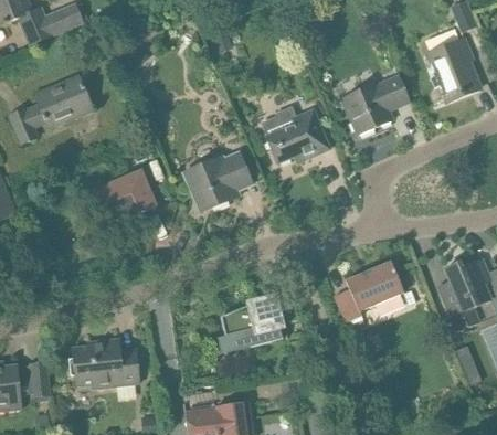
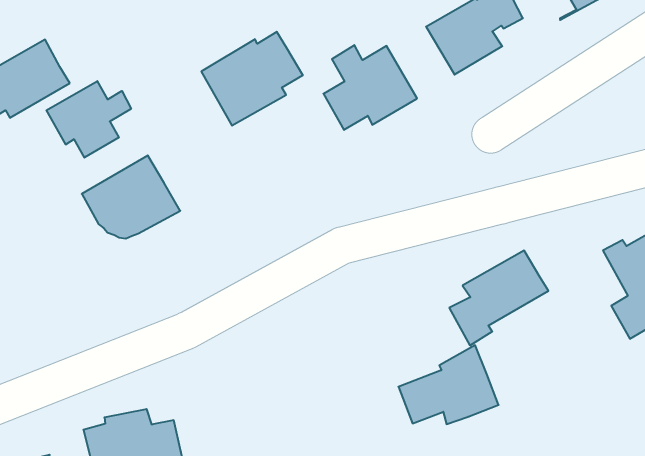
building: none -> [46,81,131,158]
building: [182,150,252,211] -> [201,32,303,126]
building: [220,293,287,344] -> [398,345,499,424]

